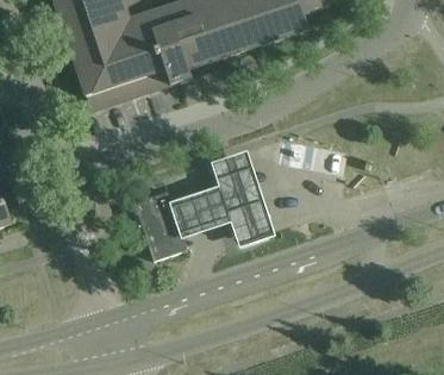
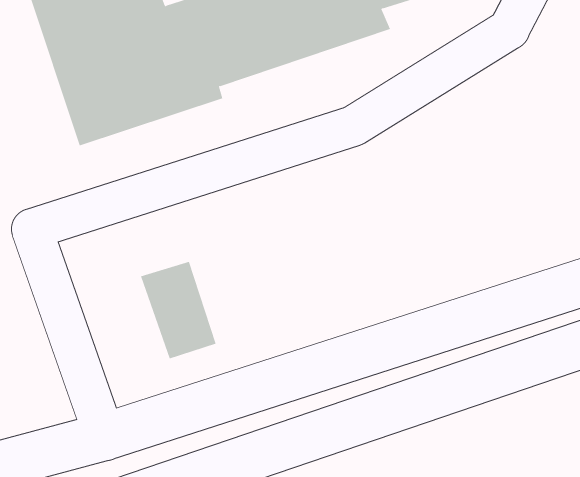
building: [171,149,276,245] -> none

